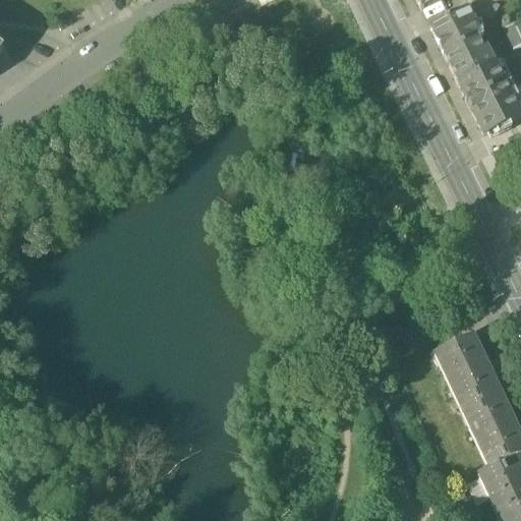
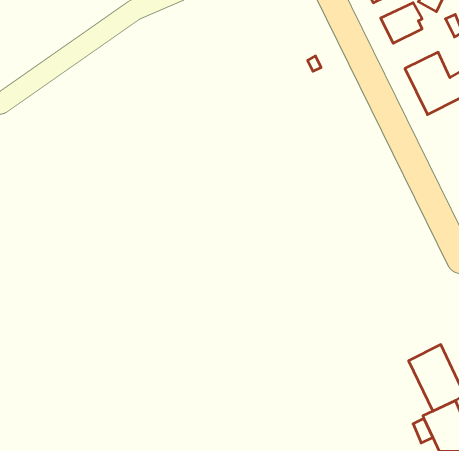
building: [446,33,497,77] -> none
building: [436,331,500,407] -> none

